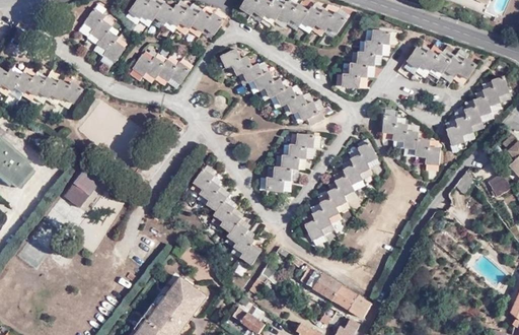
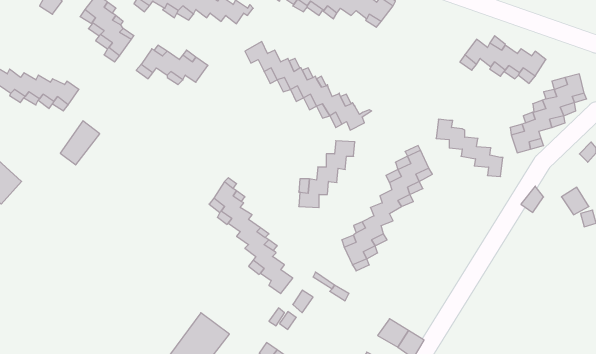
building: [340,29,394,86] -> none
building: [63,169,96,206] -> [60,121,100,165]
building: [299,264,342,298] -> none

